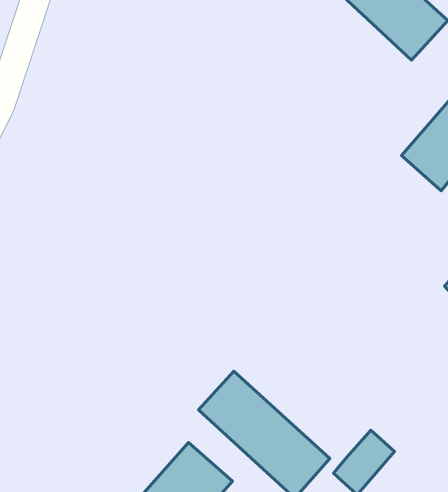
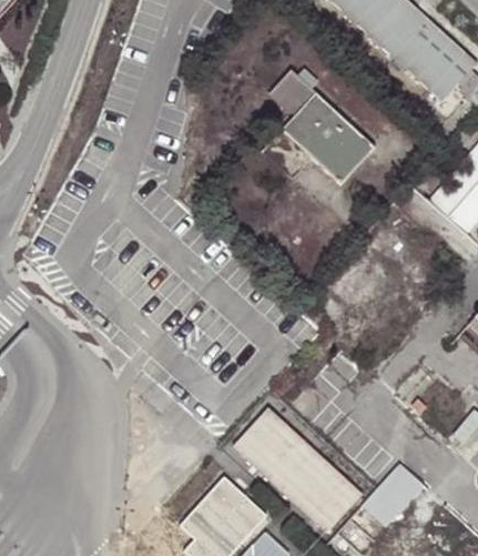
building: none -> [271,70,375,182]

